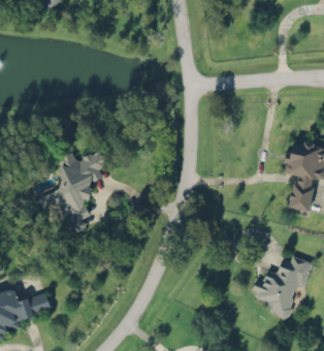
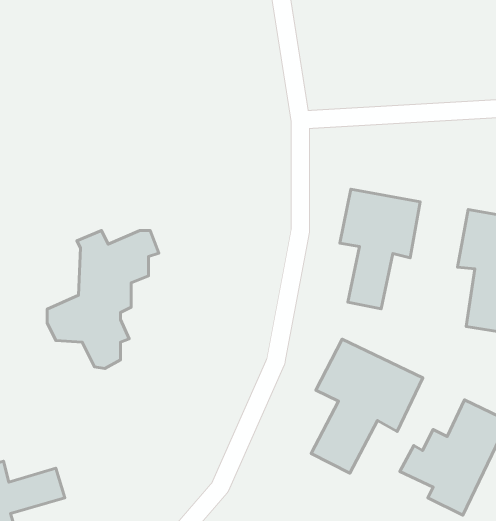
building: none -> [340,189,420,309]
building: none -> [311,339,423,473]

